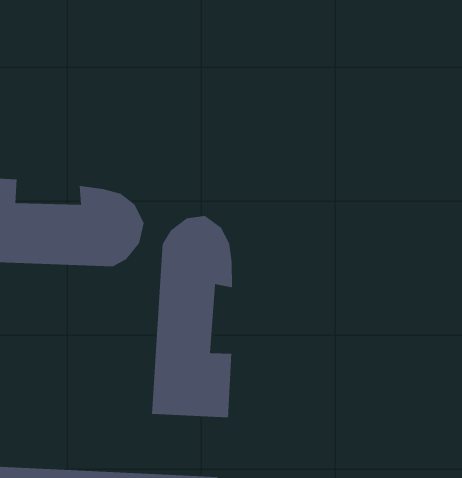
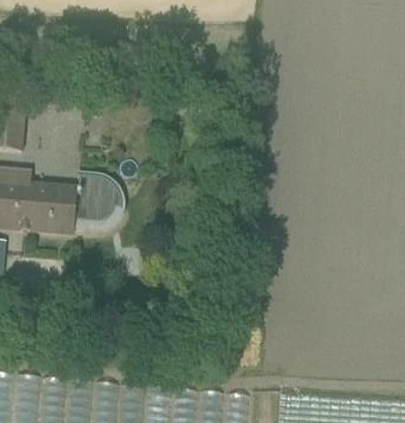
building: [152,215,232,418] -> none

